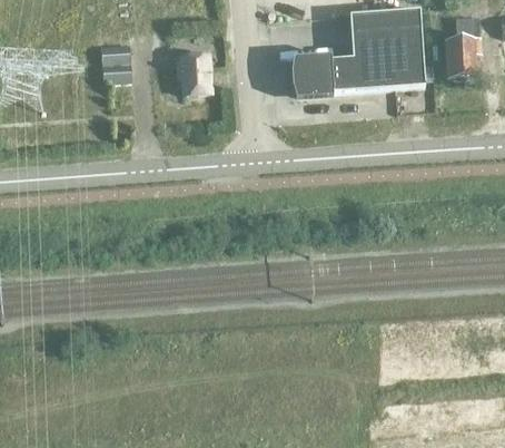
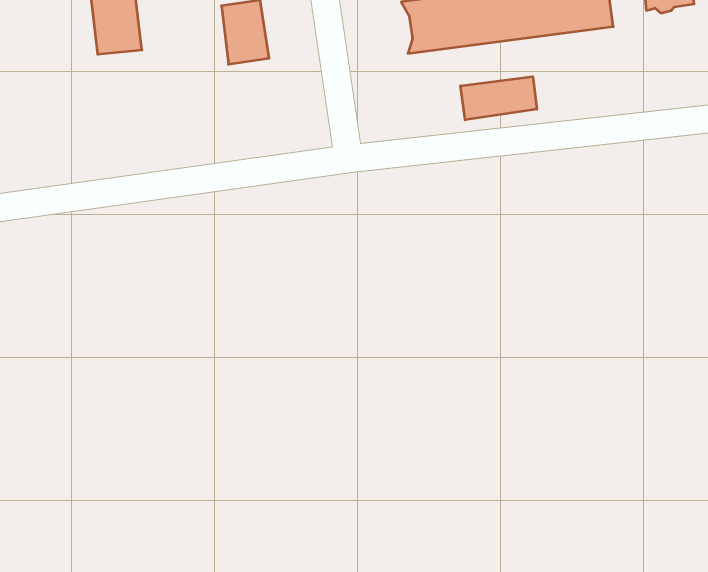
building: none -> [461,77,537,120]

